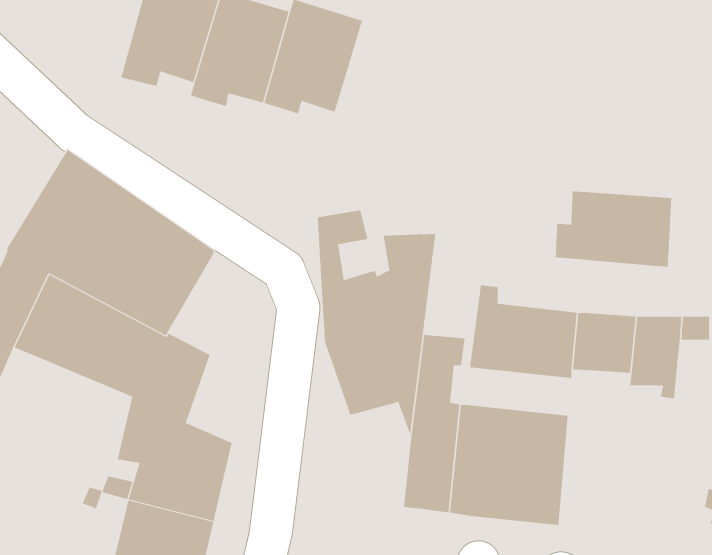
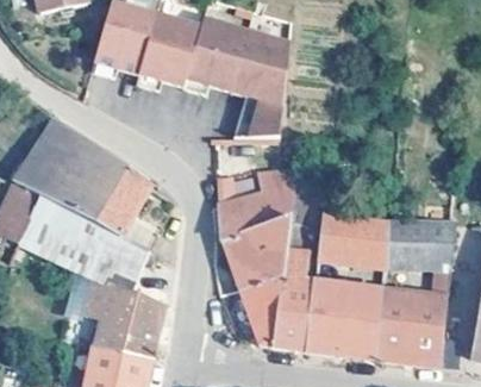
building: none -> [229,31,287,137]
building: [555,191,672,268] -> none
building: none -> [238,279,277,347]
building: none -> [374,286,446,366]

